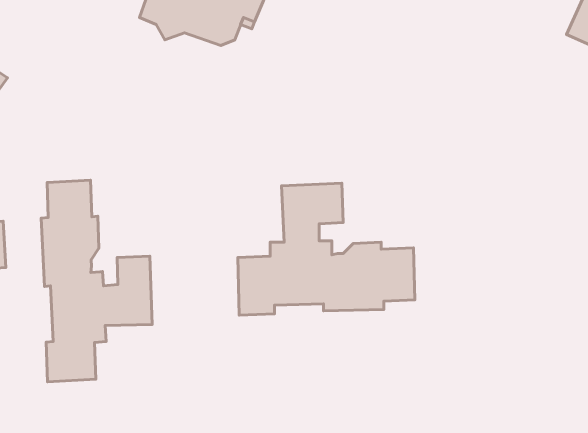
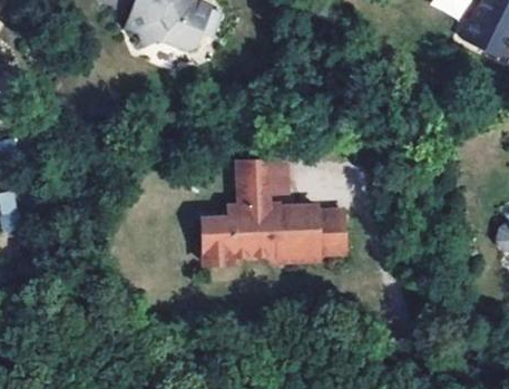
building: [41,180,152,382] -> none

